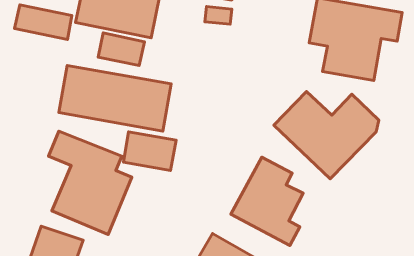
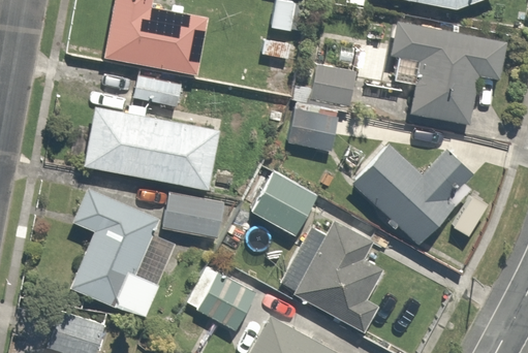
building: [15,5,72,39] -> none
building: none -> [288,54,359,146]
building: none -> [251,167,319,235]
building: none -> [185,262,258,331]

